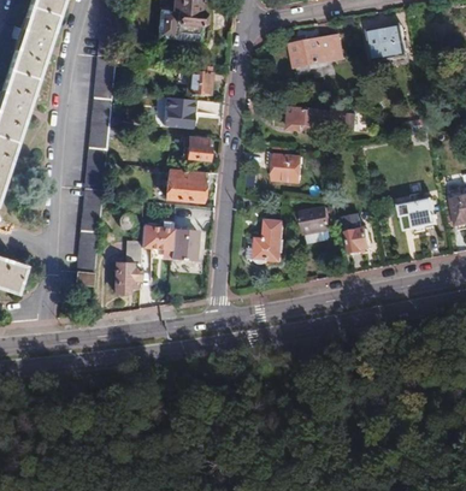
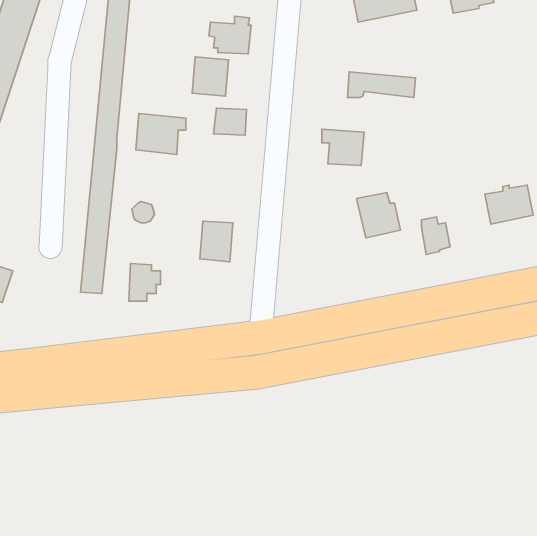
building: [169,166,208,199] -> [136,114,186,154]
building: [142,221,173,248] -> none
building: [250,237,284,262] -> none

